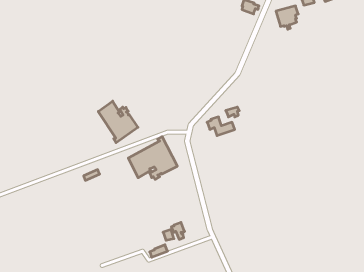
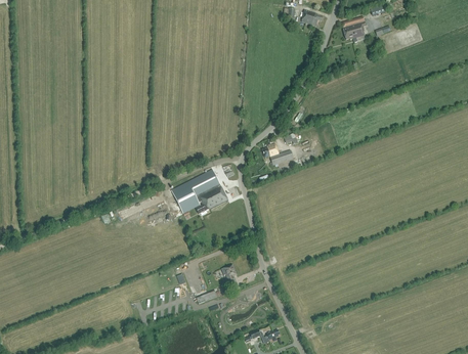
building: [98,101,138,143] -> none

